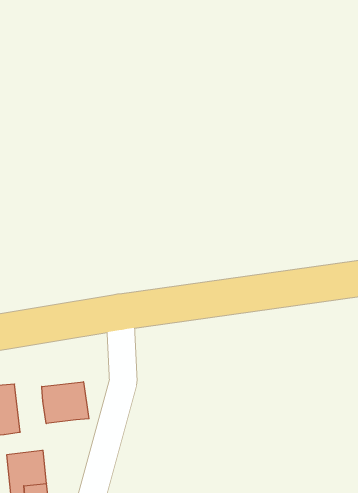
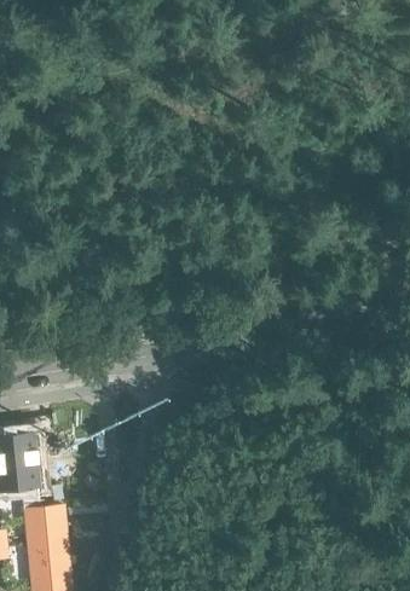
building: [42,382,89,424] -> none

